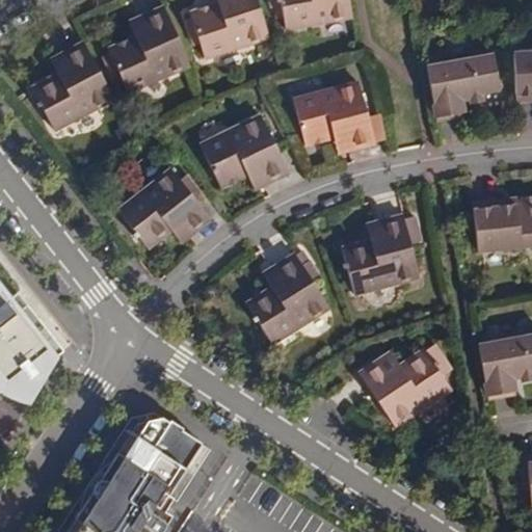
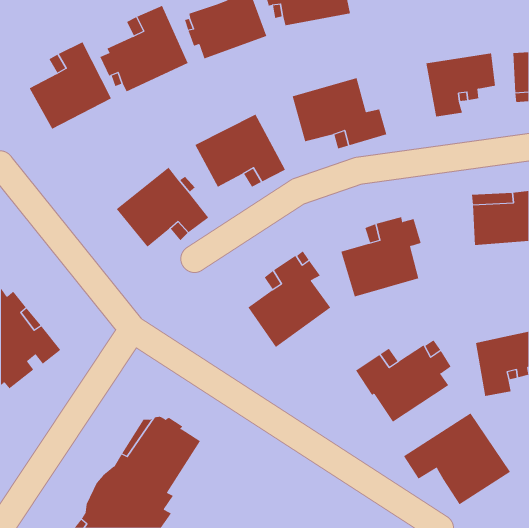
building: none -> [403,412,511,505]

